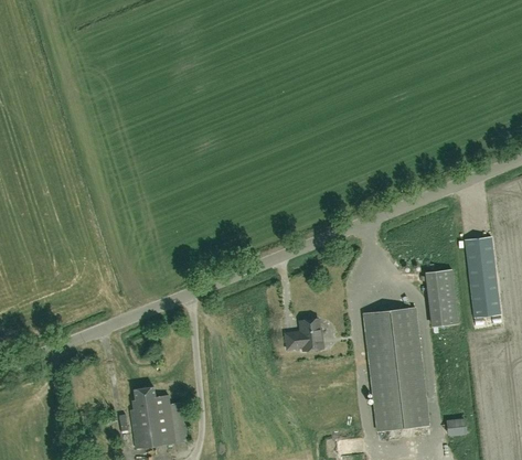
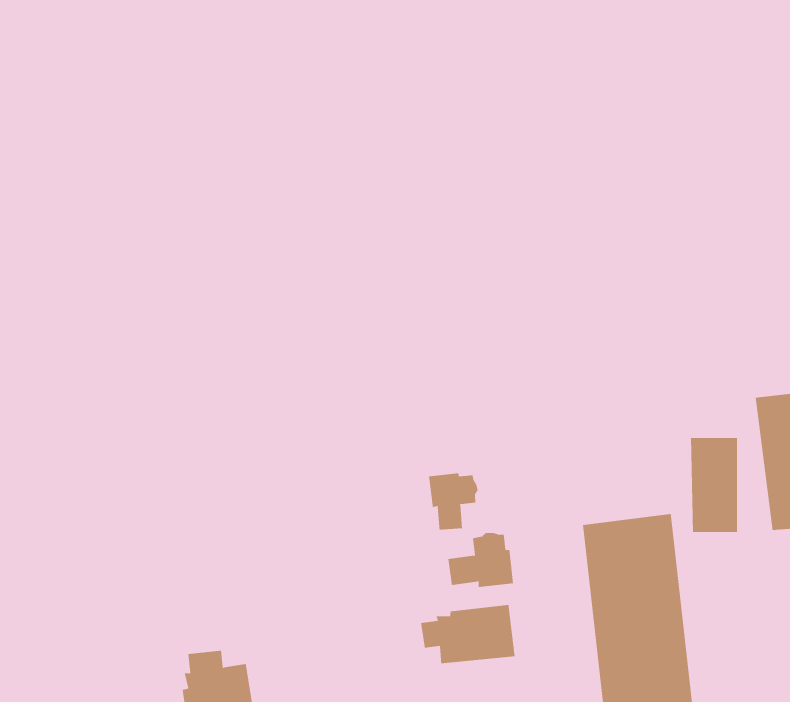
building: none -> [429,472,478,531]
building: none -> [421,604,515,664]

